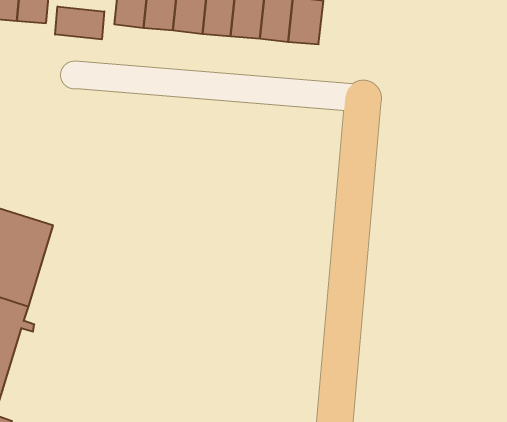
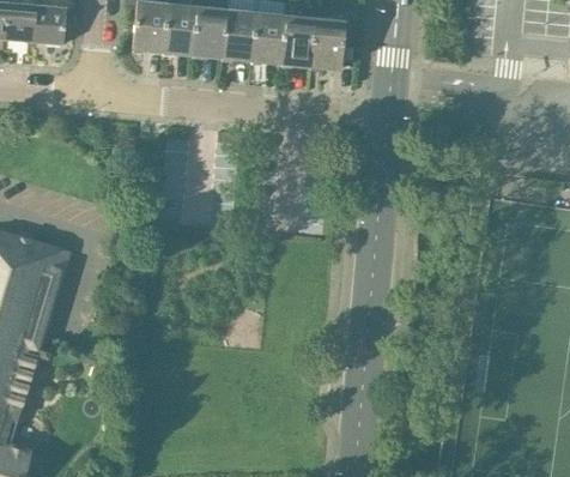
building: [55,6,104,39] -> none

